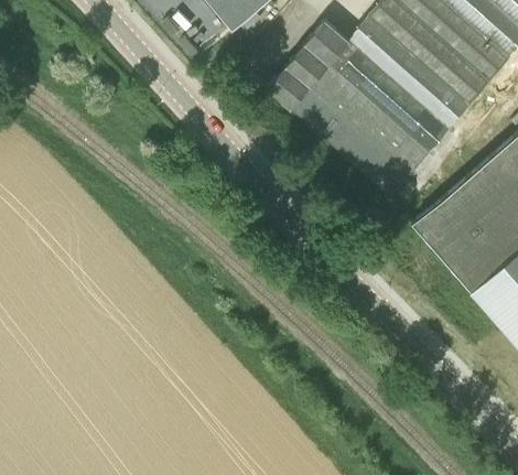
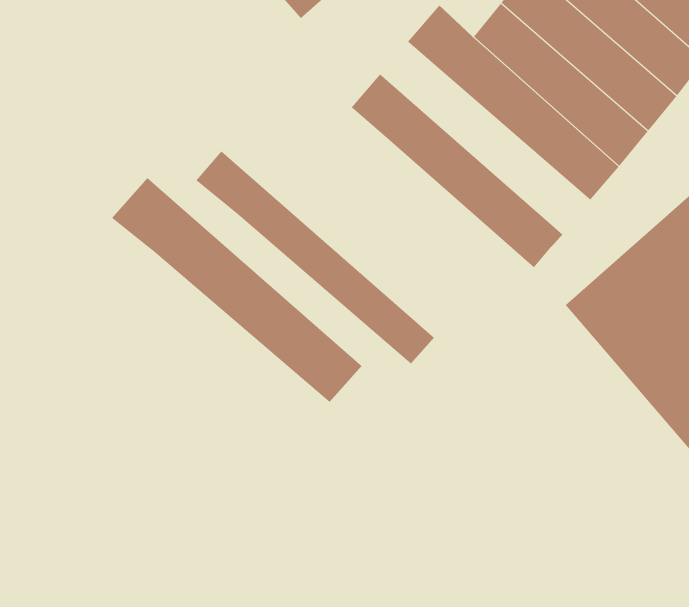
building: [285,44,430,176] -> none
building: none -> [195,151,435,364]
building: none -> [111,177,362,403]

